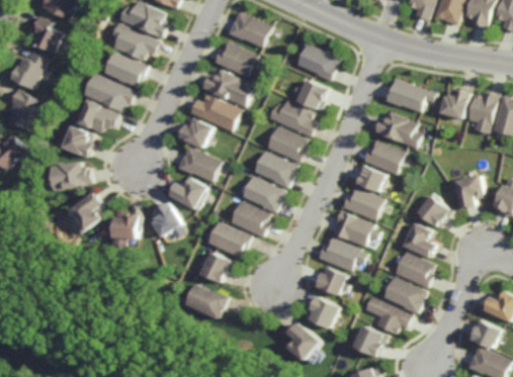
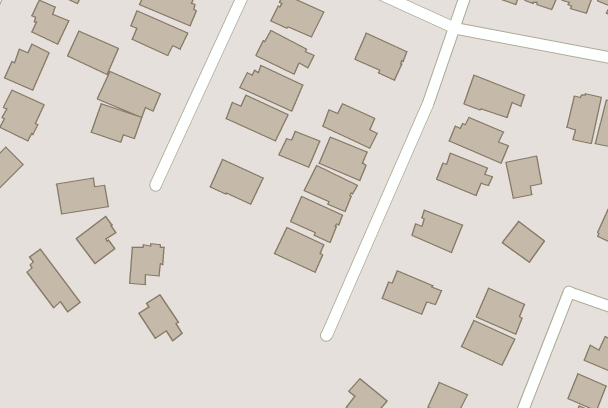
building: [104,53,146,88] -> [68,31,118,74]
building: [289,79,326,110] -> none
building: [439,88,468,117] -> none
building: [177,117,210,147] -> [279,131,320,167]
building: [60,124,92,157] -> none
building: [354,169,384,193] -> none
building: [452,175,482,209] -> [506,156,542,198]
building: [167,177,205,209] -> none
building: [147,202,182,240] -> [139,295,182,341]
building: [333,211,371,247] -> none
building: none -> [27,249,80,312]
building: [207,222,252,259] -> none
building: [402,223,435,258] -> none
building: [200,252,234,284] -> none
building: [316,269,346,296] -> none
building: [186,284,229,320] -> none
building: [311,297,340,329] -> none
building: [363,297,410,336] -> none

